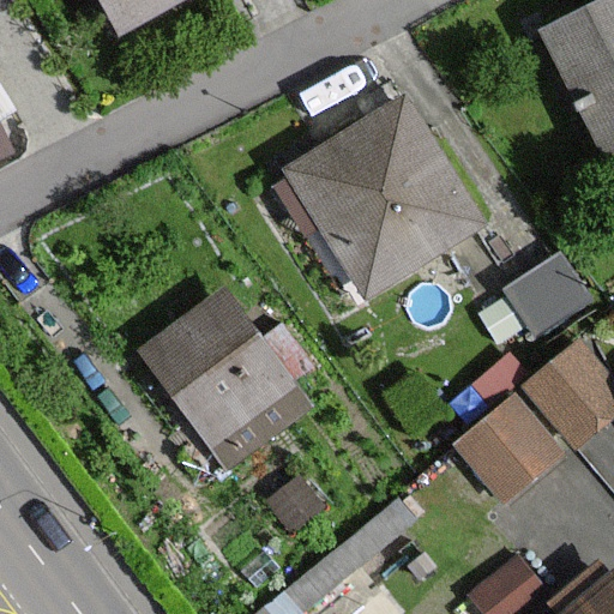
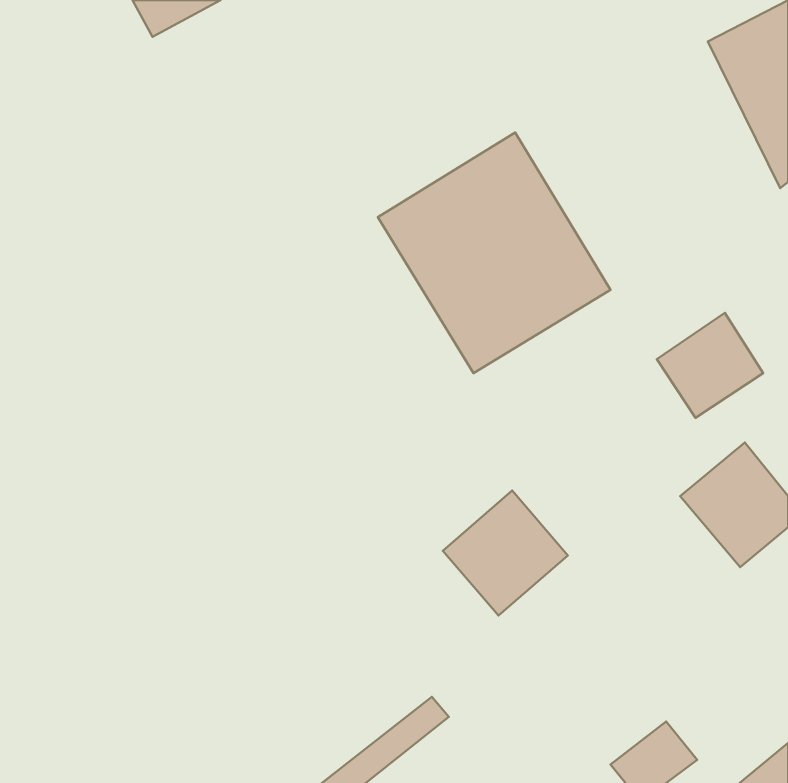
building: [149,300,305,464] -> none
building: [460,402,558,499] -> [443,491,568,615]

